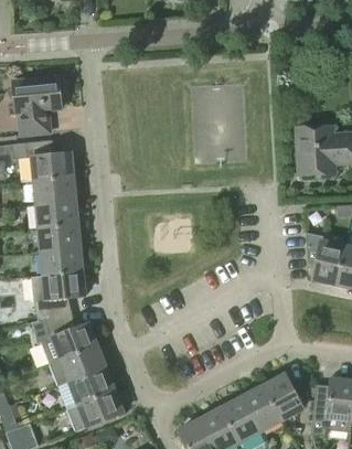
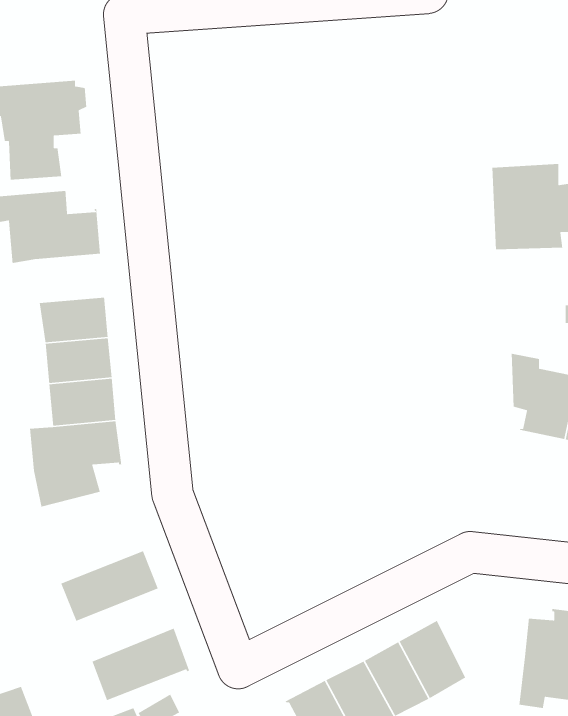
building: [34,177,74,204] -> none
building: [32,312,96,364] -> none
building: [57,367,114,408] -> none
building: [264,373,302,418] -> none

